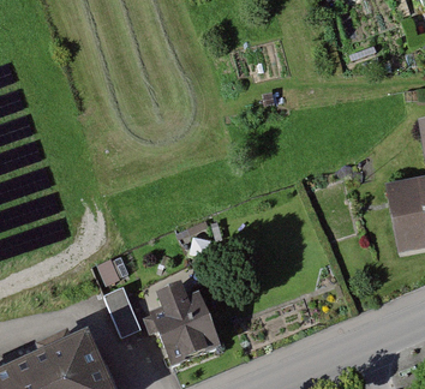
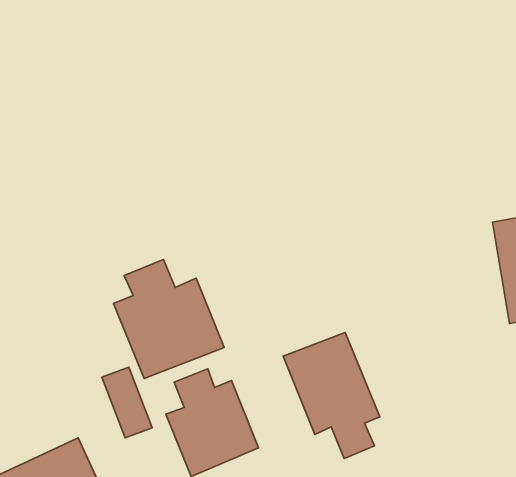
building: none -> [114,259,224,378]
building: none -> [283,333,380,458]

